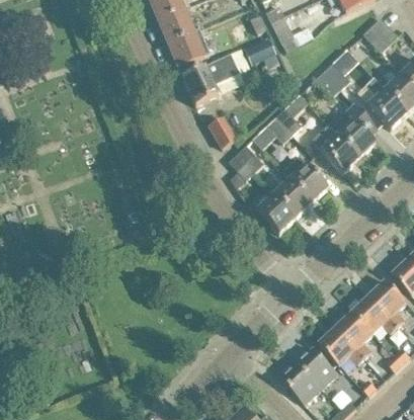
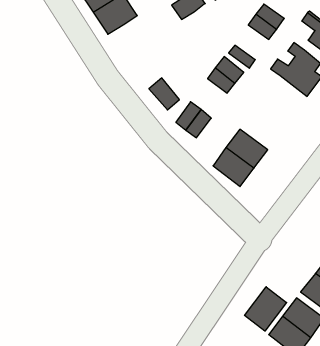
building: [182,54,240,105] -> none
building: [312,127,358,174] -> none
building: [282,156,328,203] -> none
building: none -> [245,287,287,331]

